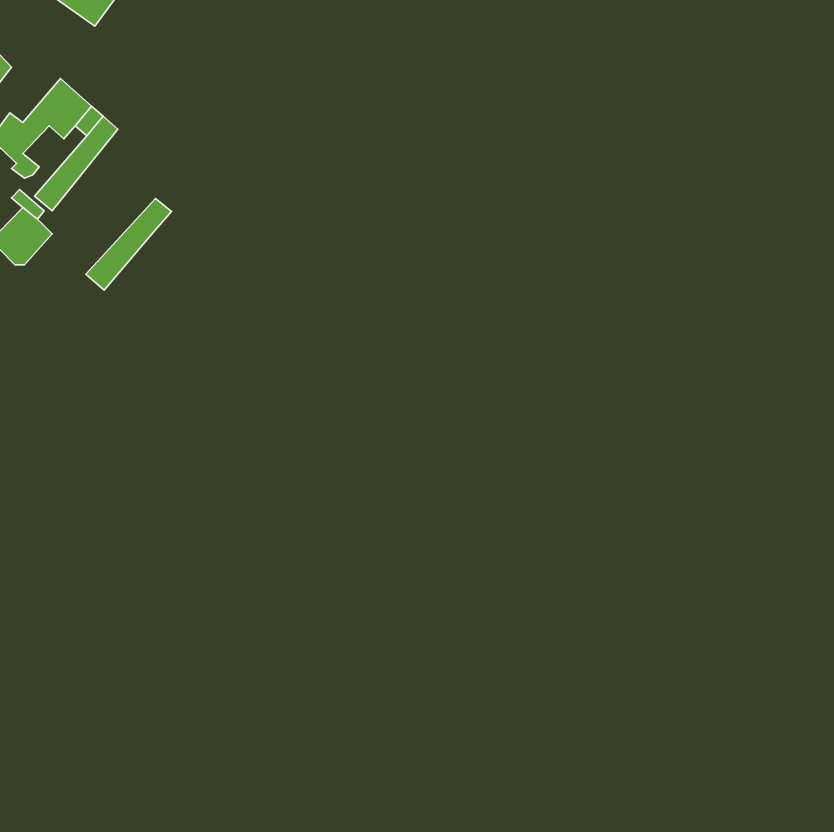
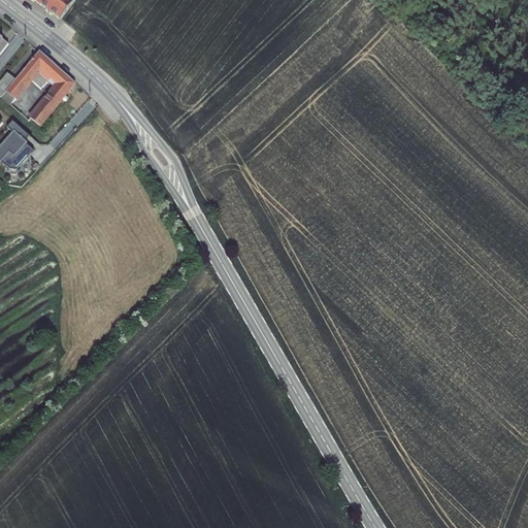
building: [86,199,171,290] -> none

